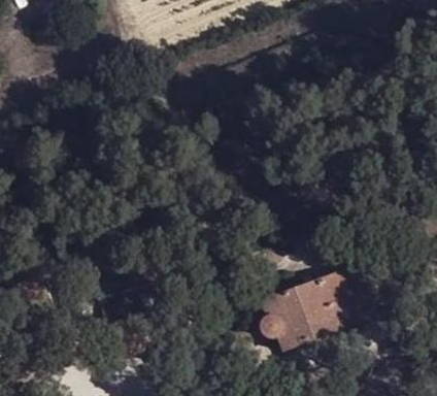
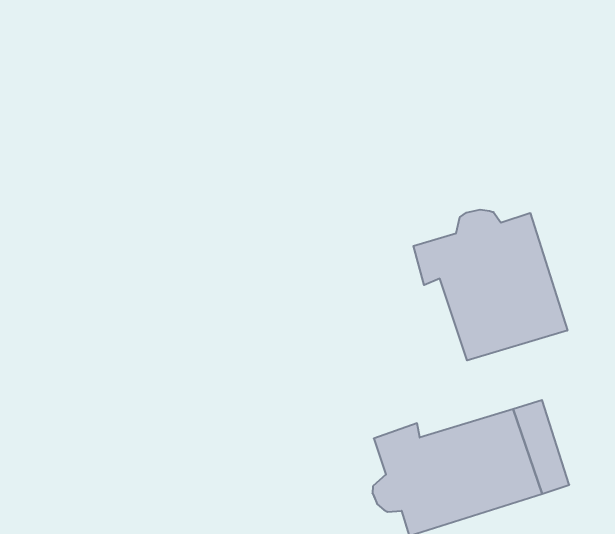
building: none -> [413,210,567,360]

